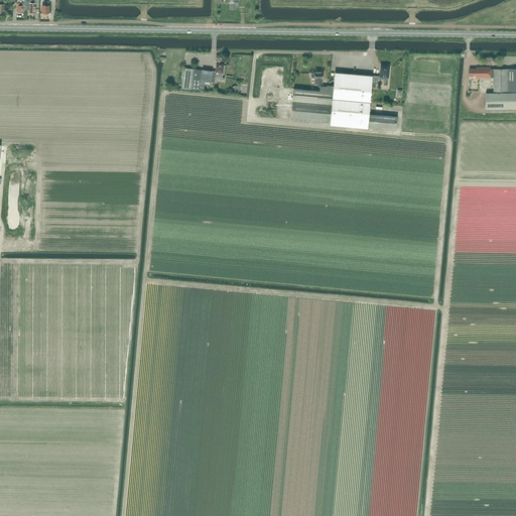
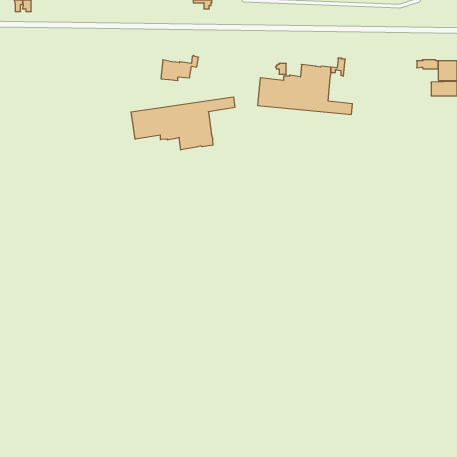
building: none -> [131,97,235,150]

